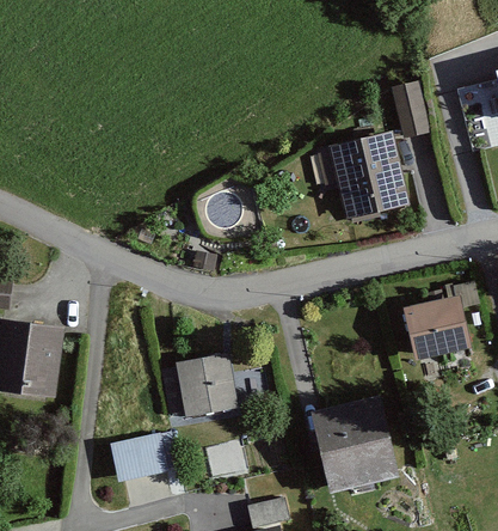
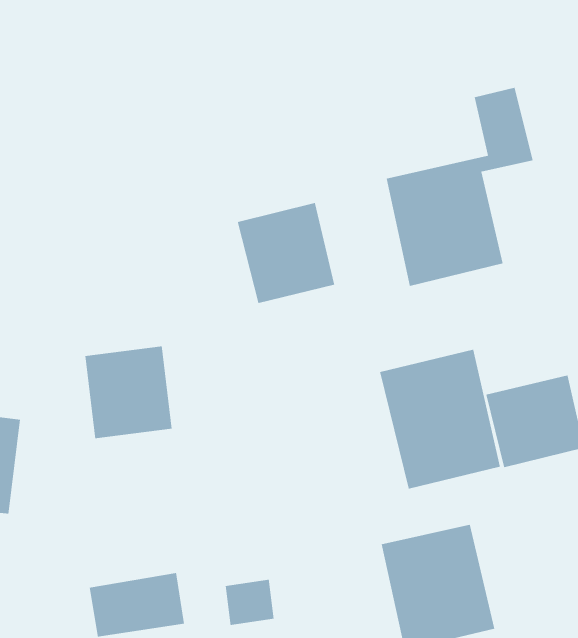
building: none -> [237,202,335,304]
building: none -> [380,349,501,490]
building: [176,354,239,421] -> [84,346,172,439]

